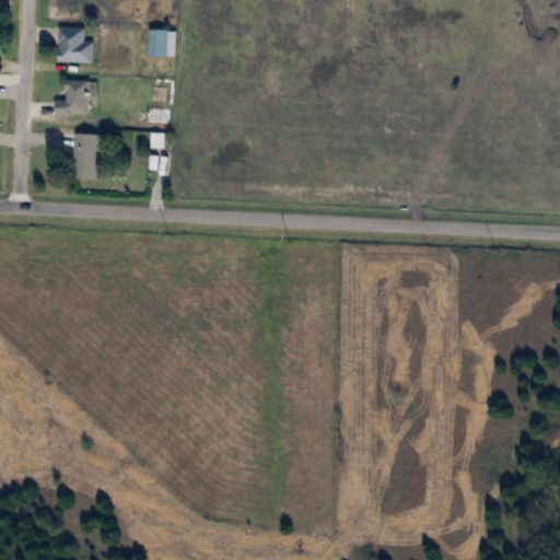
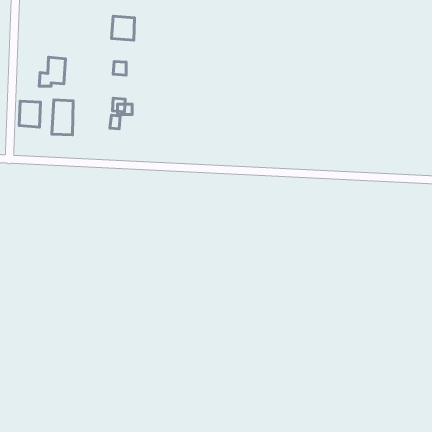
building: [56,26,93,62] -> none
building: none -> [19,101,40,127]

